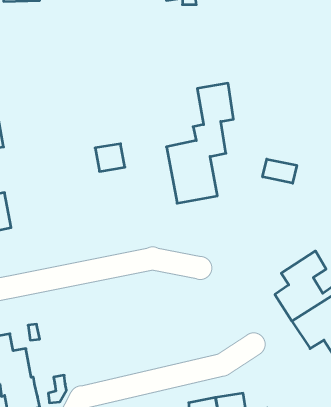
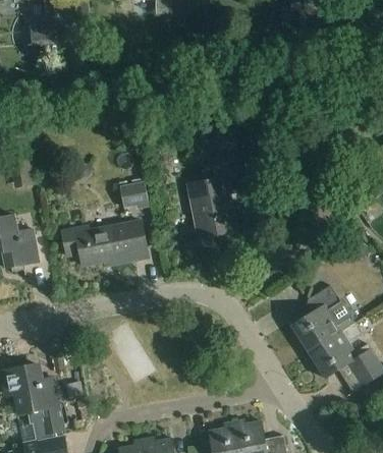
building: [263,159,297,183] -> none
building: none -> [62,220,148,265]

